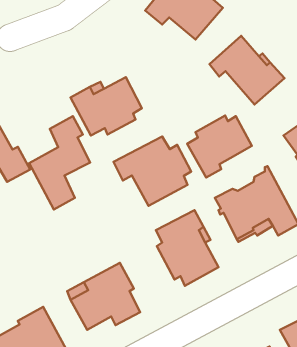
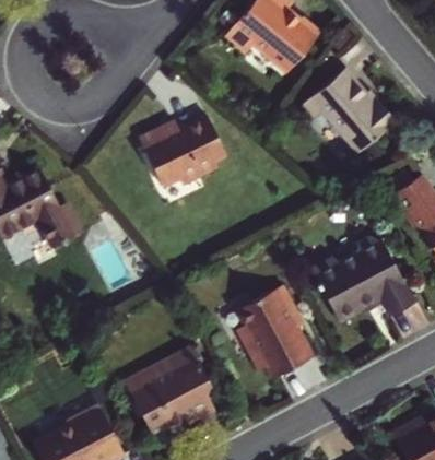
building: [187,116,252,177] -> none
building: [29,116,90,210] -> none
building: [113,136,191,206] -> none

